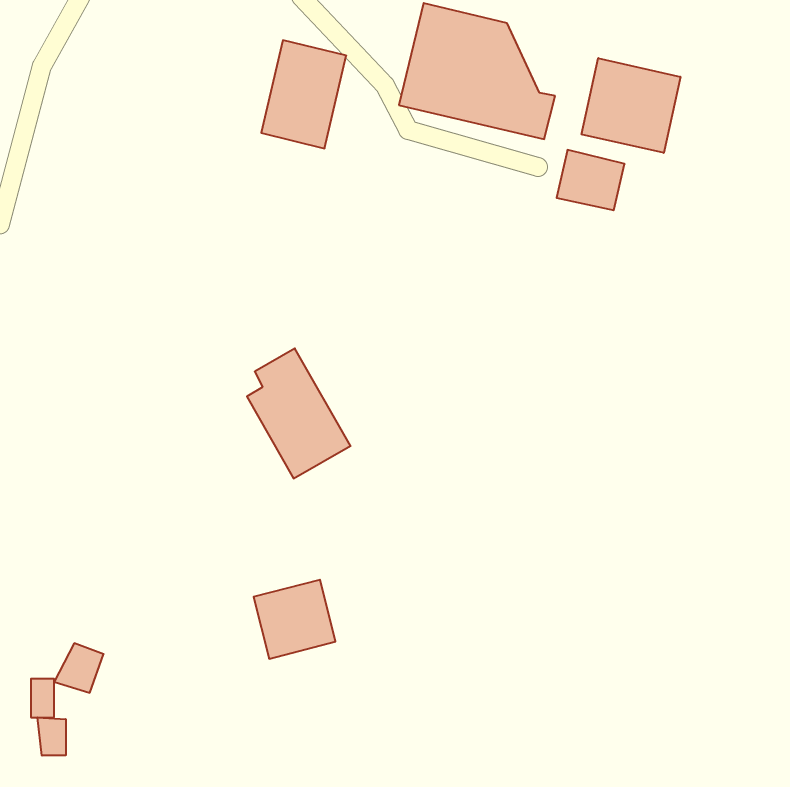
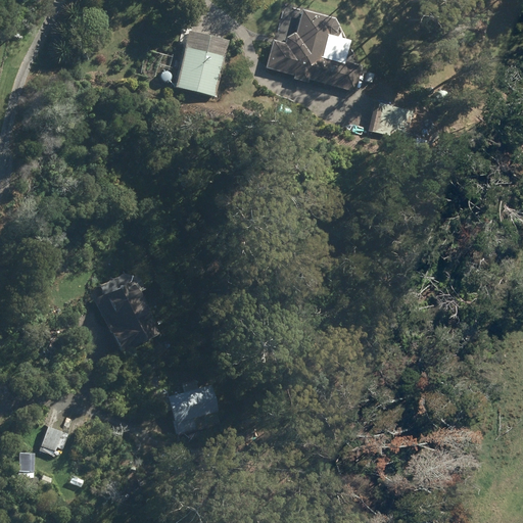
building: [582,58,680,153] -> none
building: [247,348,351,478] -> [94,268,162,353]
building: [38,717,66,756] -> none

